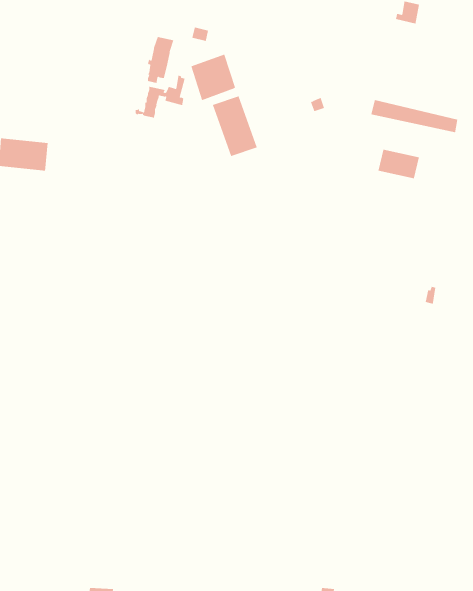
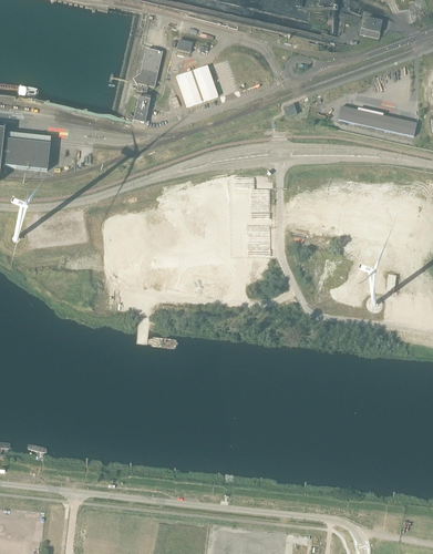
building: [212,96,258,157] -> none
building: [378,149,420,179] -> none

